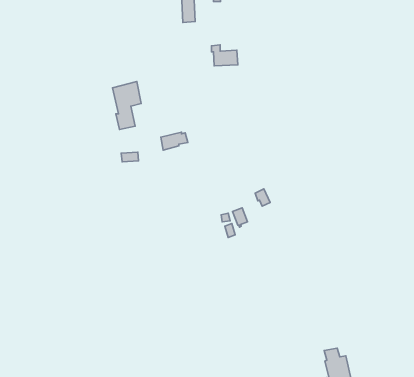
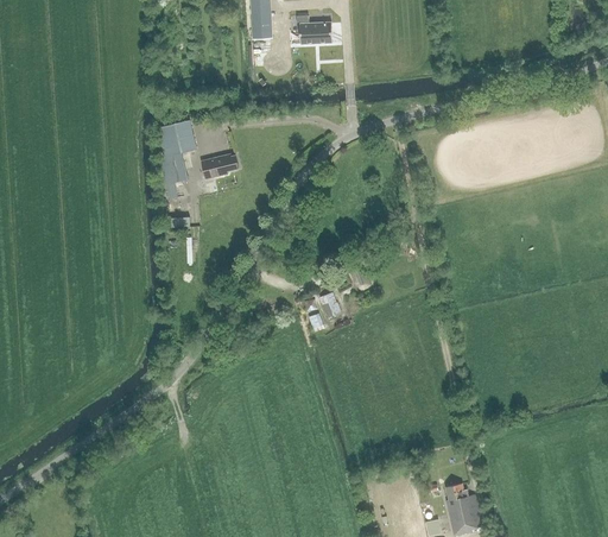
building: [212,45,238,66] -> [297,14,332,43]
building: [161,132,188,150] -> [202,153,239,178]

